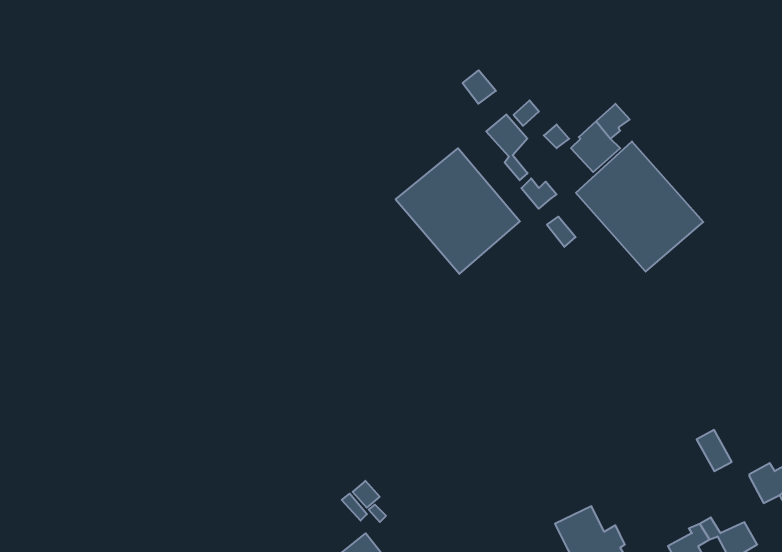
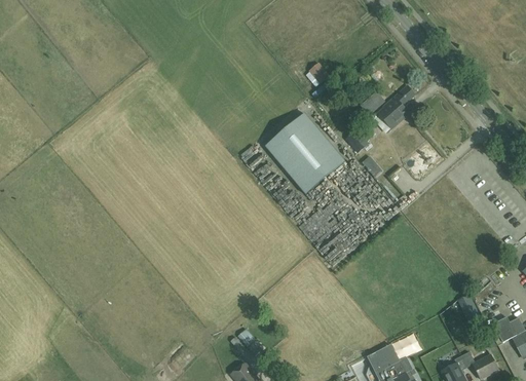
building: [486,114,528,180] -> none
building: [576,141,703,272] -> none

